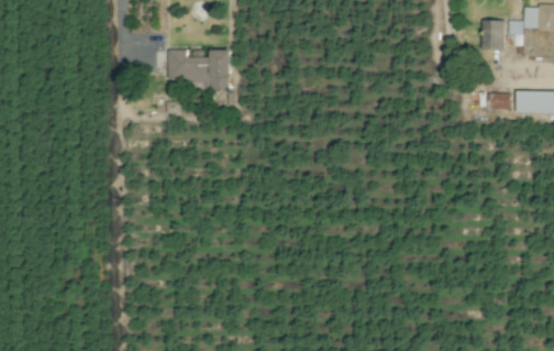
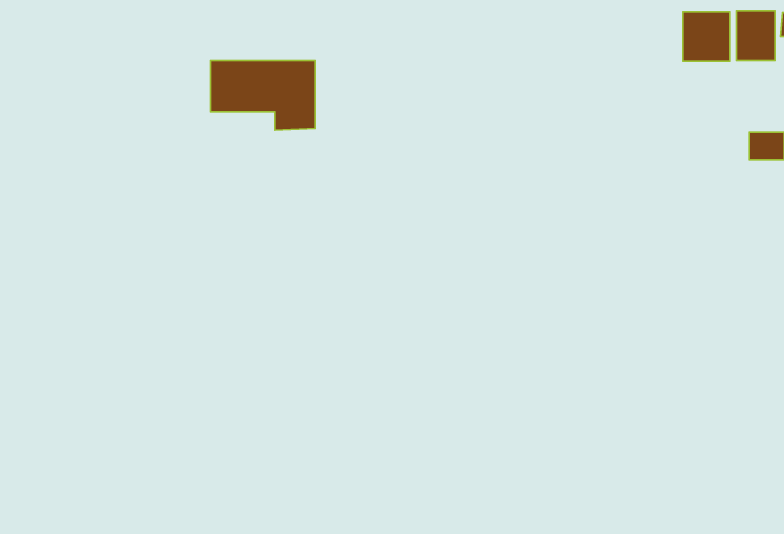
building: none -> [683,12,730,61]

